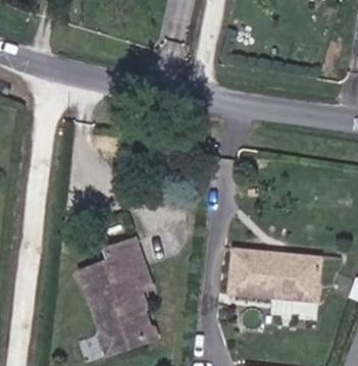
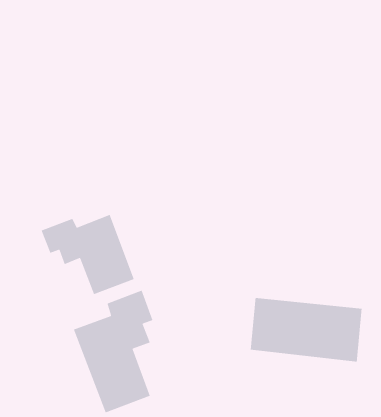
building: none -> [40,214,135,295]

